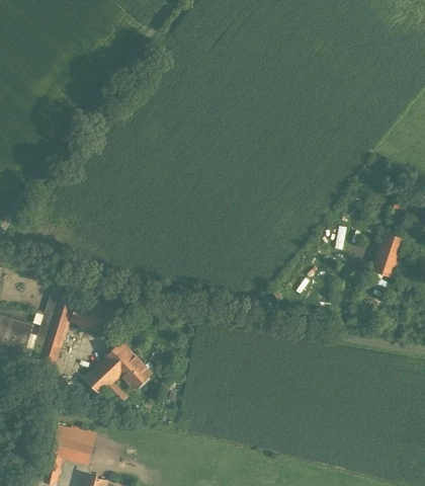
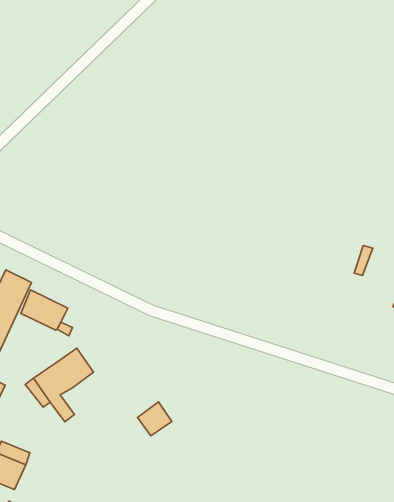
building: [122,360,151,389] -> [137,402,172,436]

